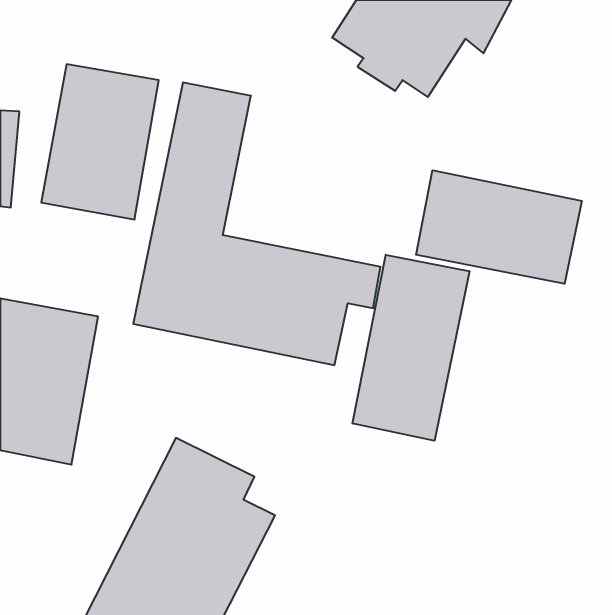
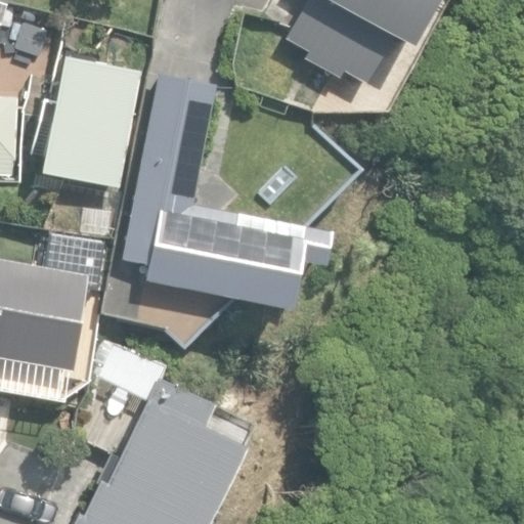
building: [416,170,582,284] -> none
building: [352,255,469,441] -> none

